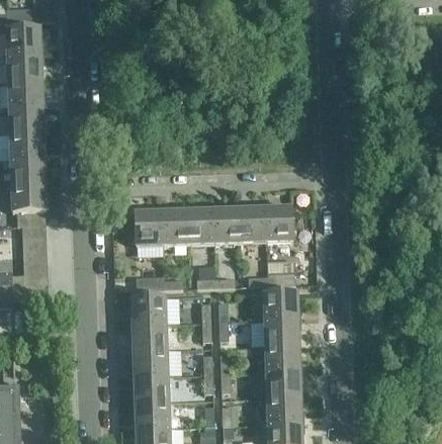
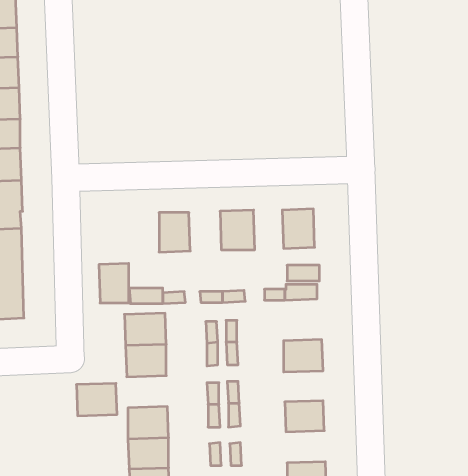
building: [241,208,266,242] -> none
building: [186,209,213,243] -> none
building: [136,210,161,244] -> [99,263,129,303]
building: [265,291,298,319] -> none
building: [266,344,299,370] -> none
building: [134,348,168,375] -> [76,383,117,416]
building: [268,394,301,422] -> none

